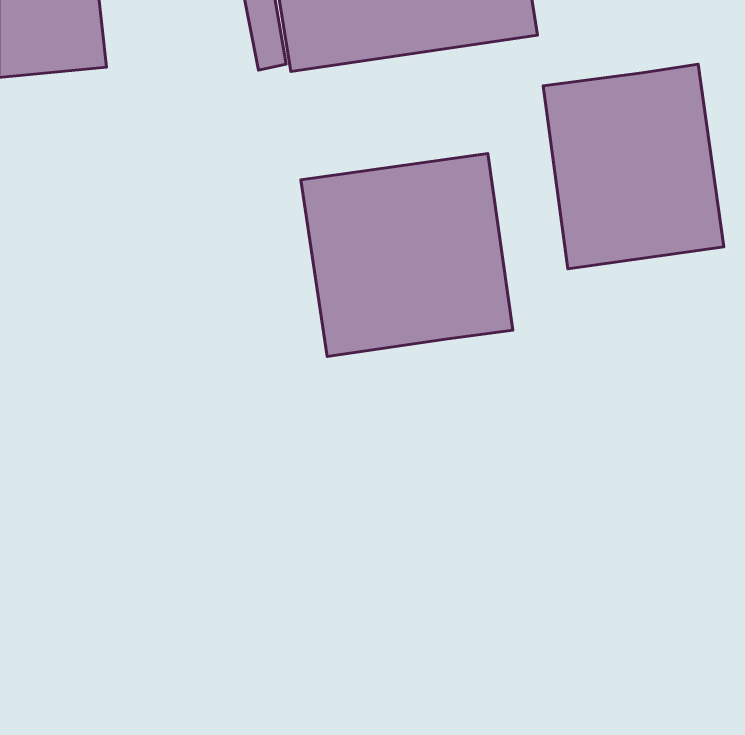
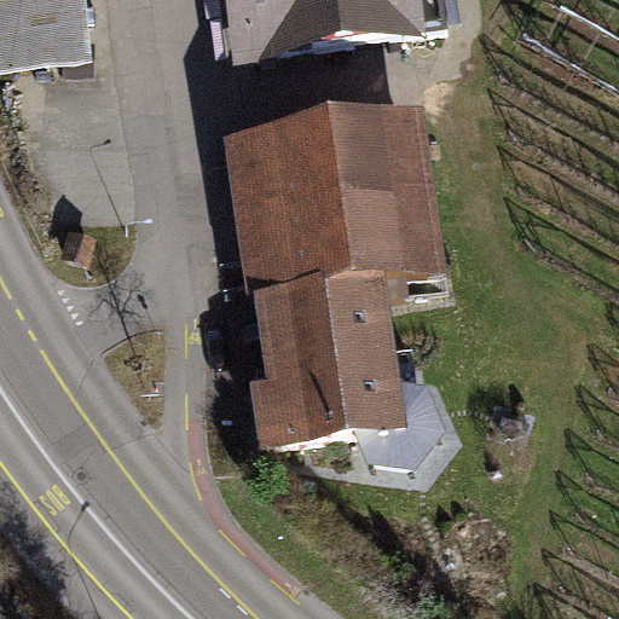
building: [543,64,724,269] -> none
building: none -> [259,280,432,464]

